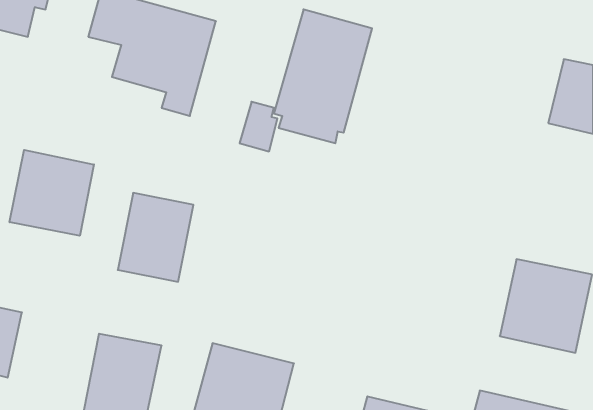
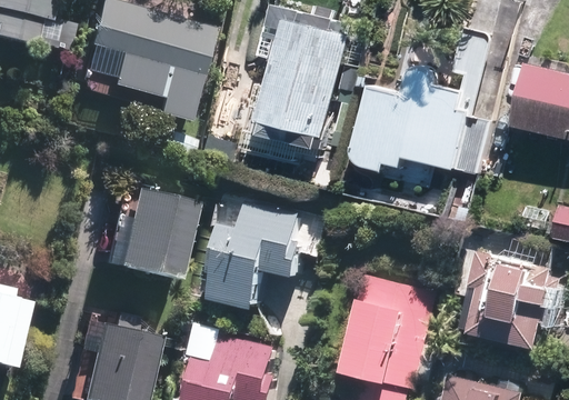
building: none -> [352,33,490,174]
building: [10,150,94,236] -> none
building: none -> [220,204,303,303]
building: none -> [346,278,432,382]

